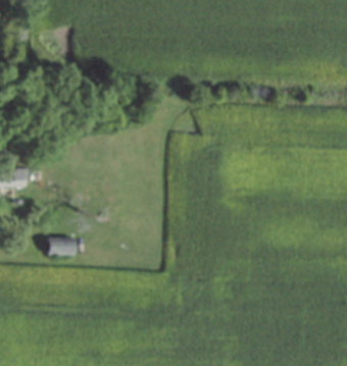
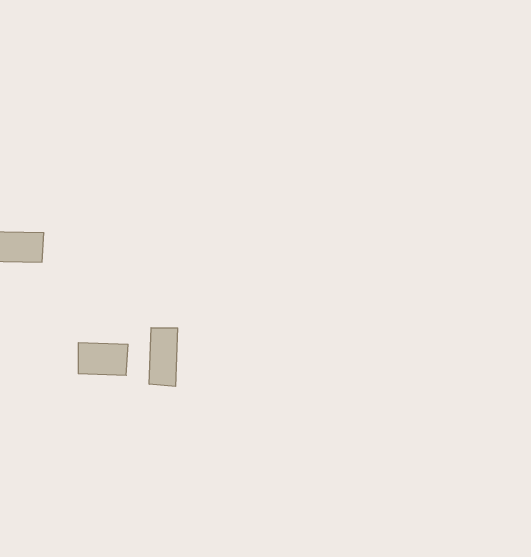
building: none -> [149,328,178,386]

